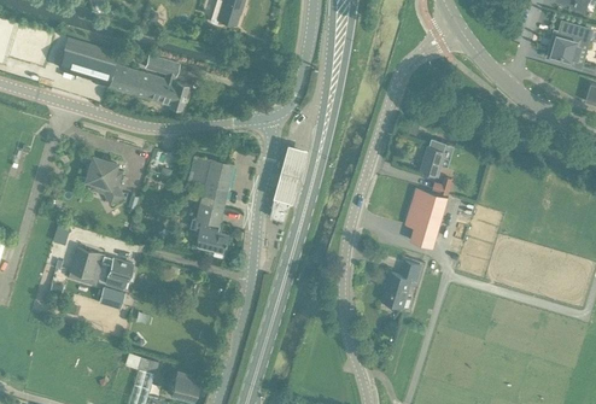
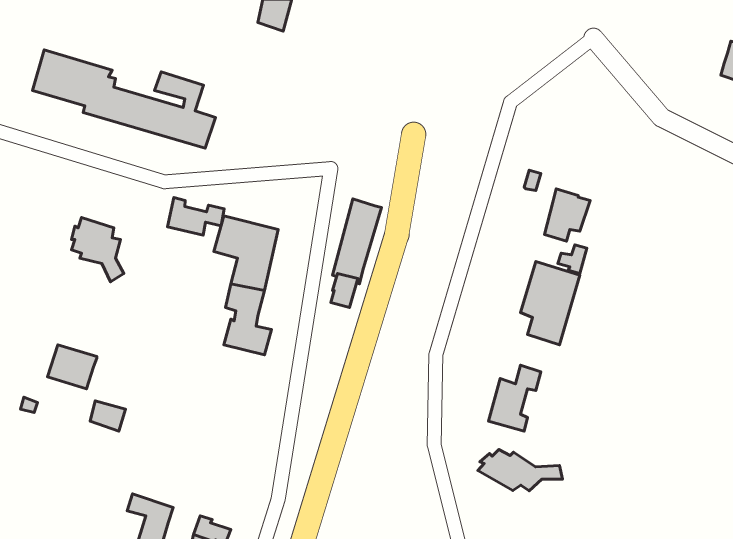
building: none -> [167,198,224,235]
building: [101,258,133,291] -> none
building: none -> [478,449,563,491]

